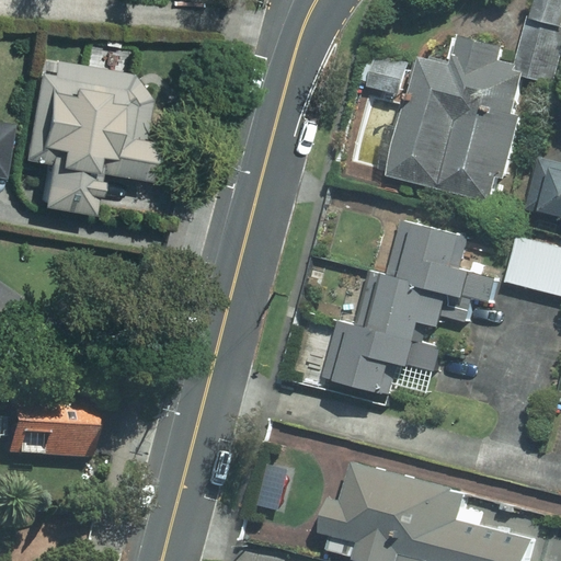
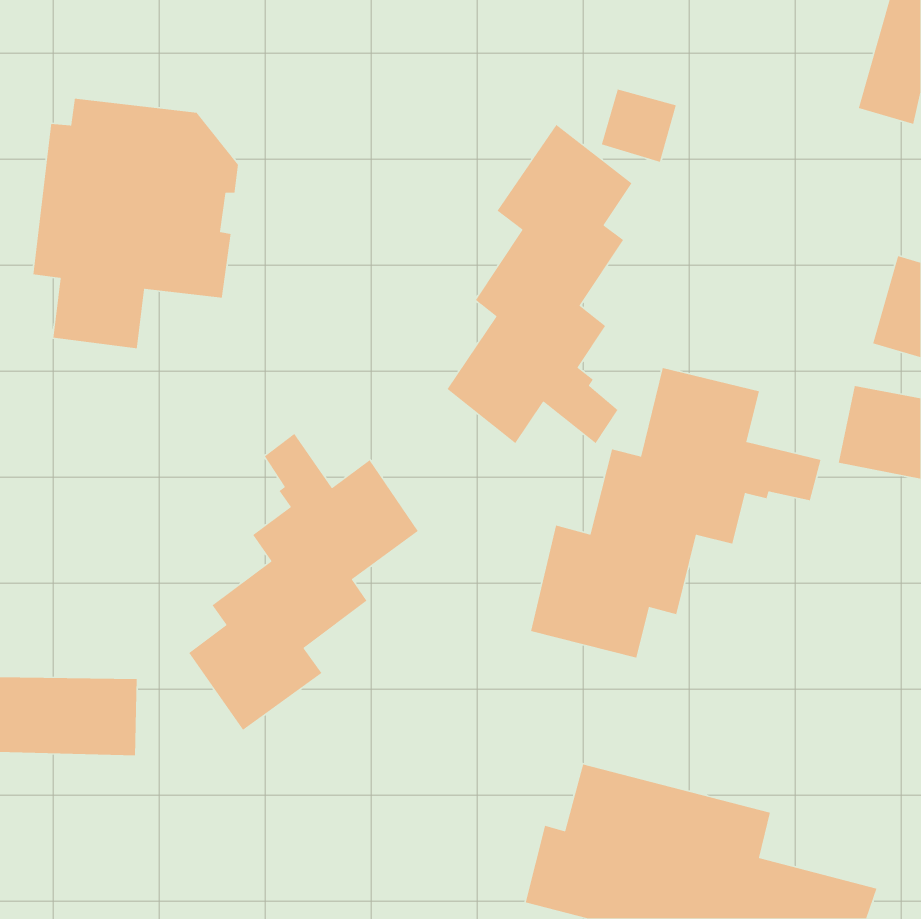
building: [396,38,534,207] -> none
building: none -> [446,124,632,444]
building: none -> [188,433,419,731]

